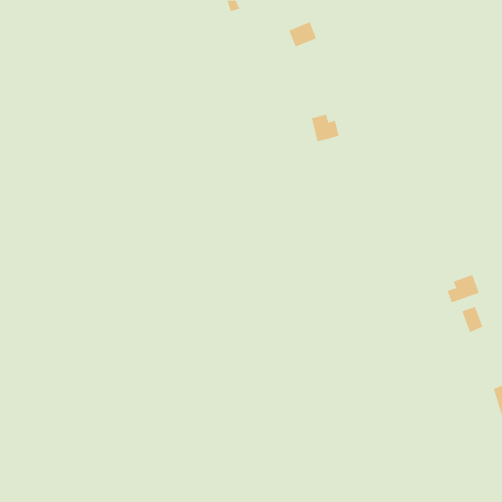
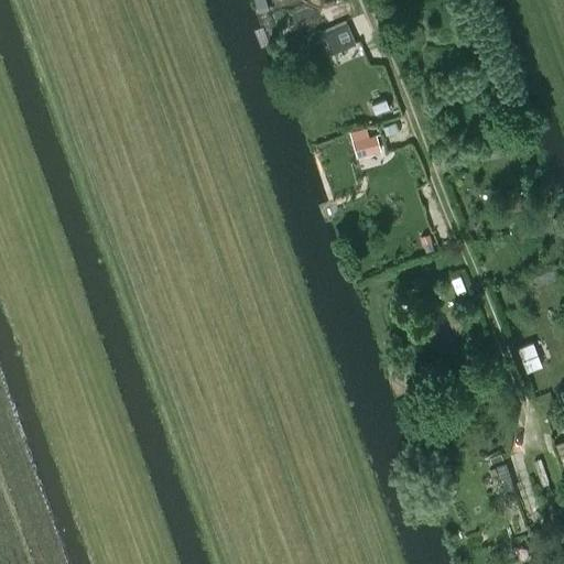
building: [447,274,480,303] -> none

